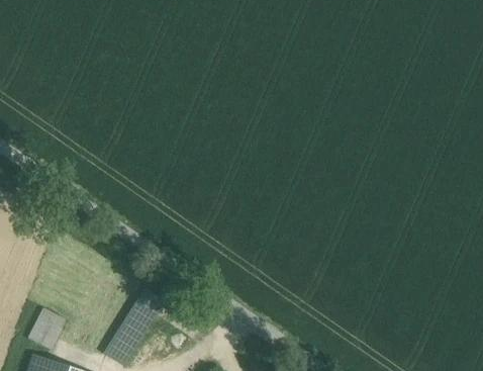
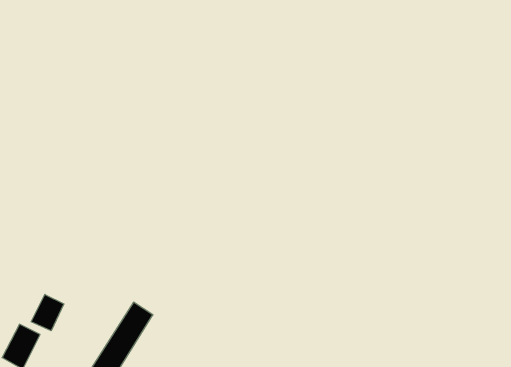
building: none -> [31,294,64,331]

